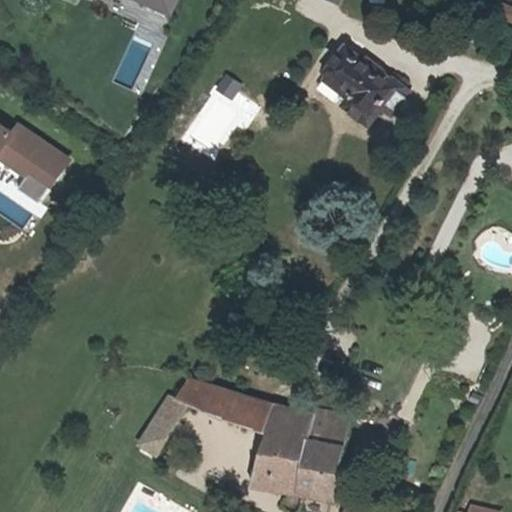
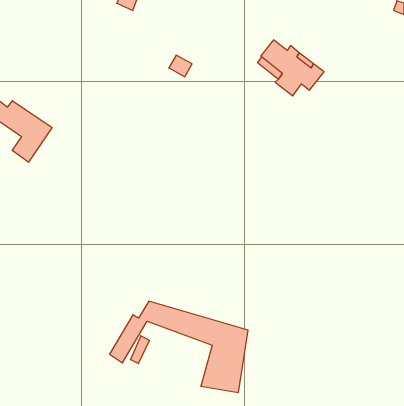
building: [298,408,347,497] -> none

